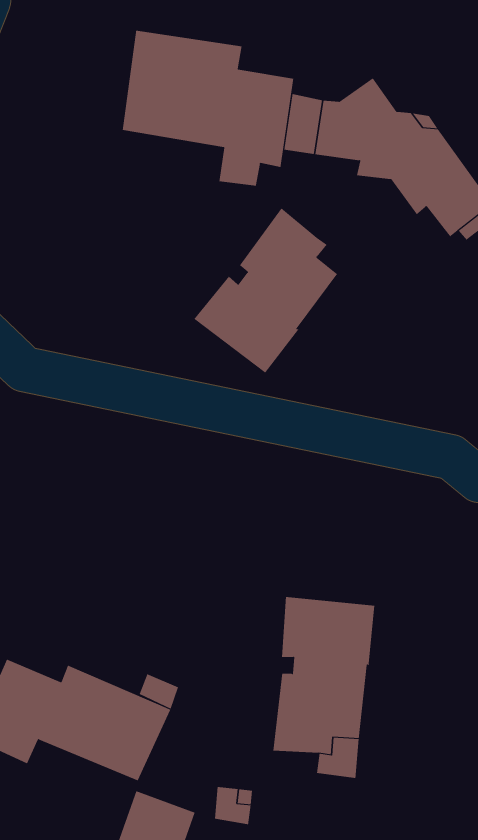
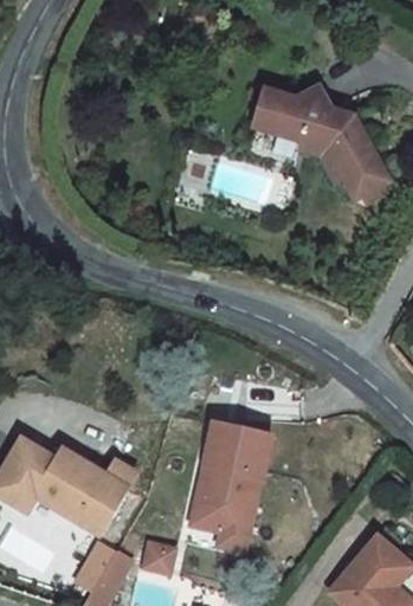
building: [122,30,294,186] -> none
building: [194,208,338,374] -> none

